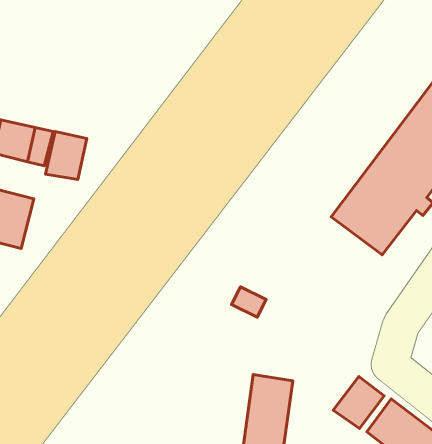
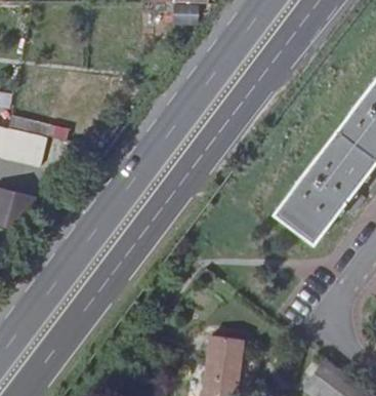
building: [46,132,87,180] -> none
building: [333,377,384,428] -> none

